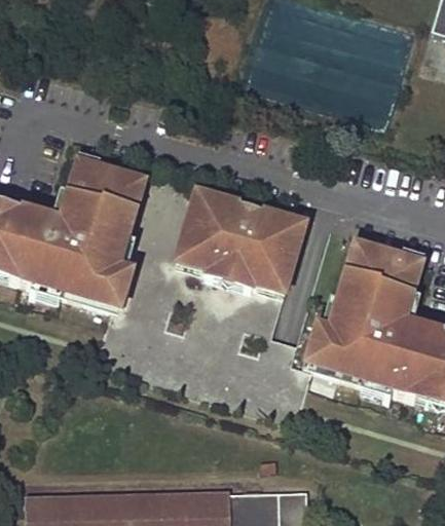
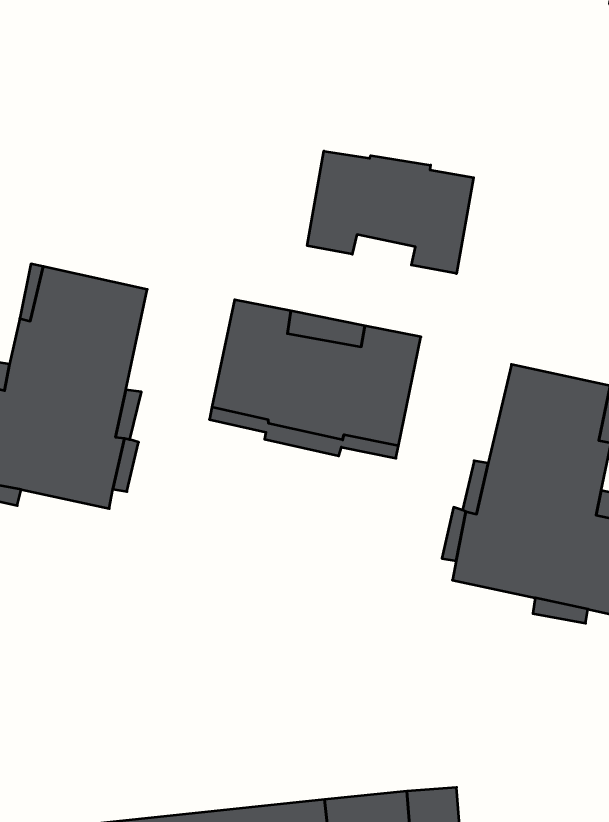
building: none -> [307,151,474,274]

